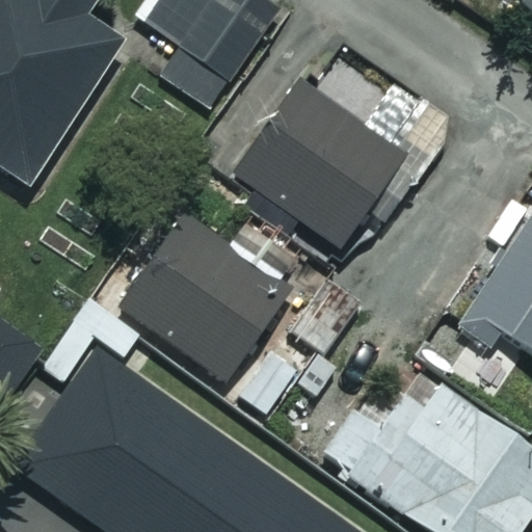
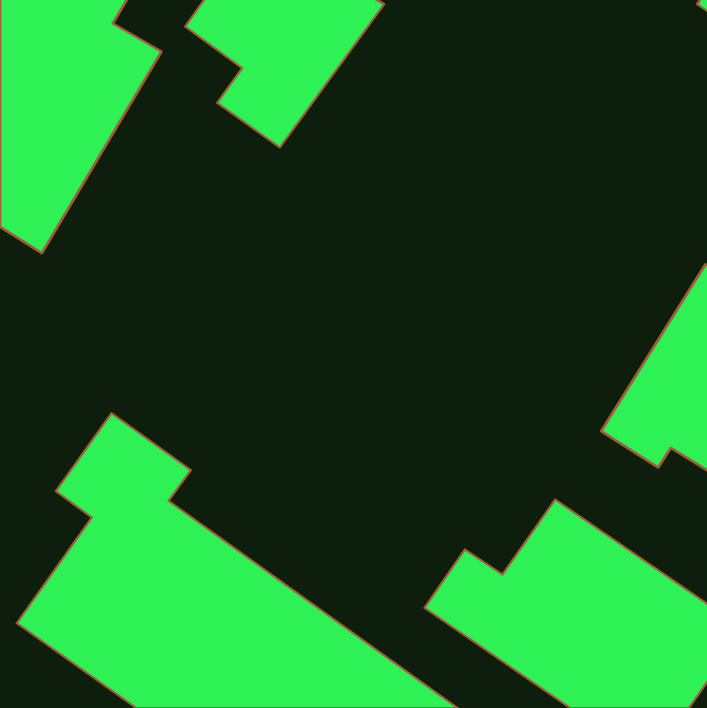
building: [224,65,405,246] -> none
building: [122,218,286,378] -> none

